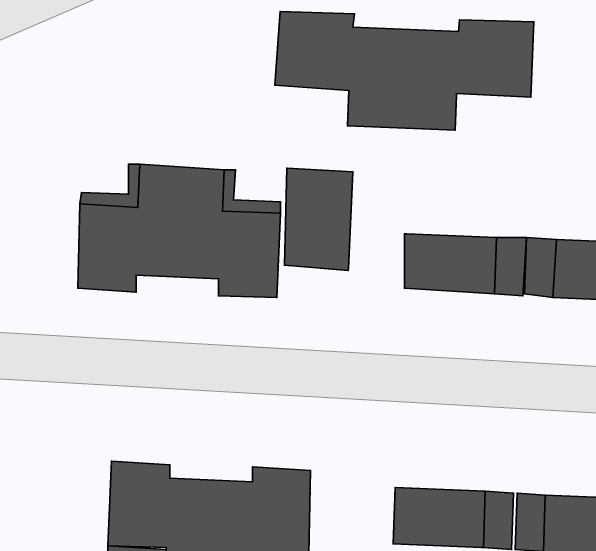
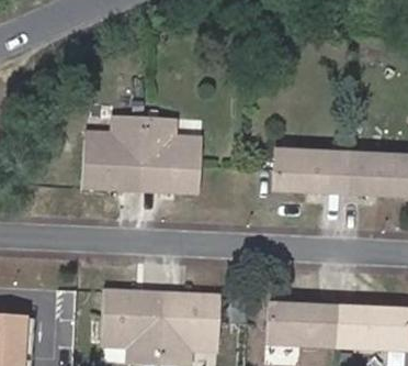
building: [275,12,534,130] -> none
building: [285,168,353,271] -> none

